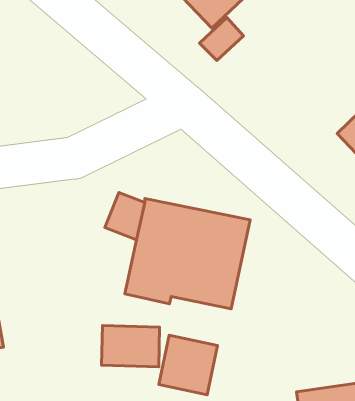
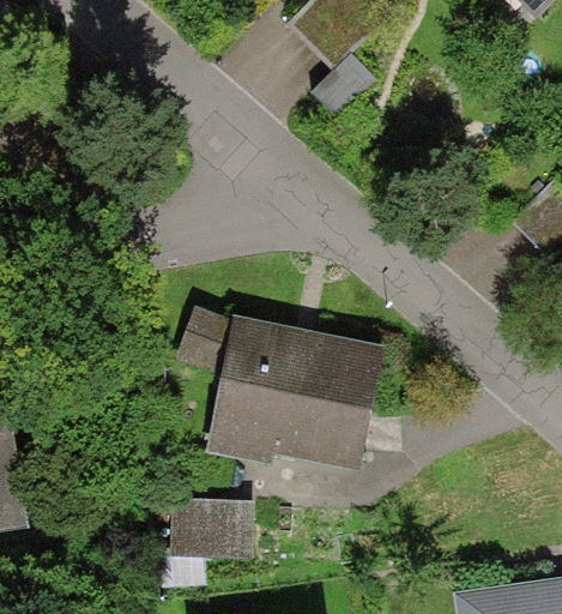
building: [159,335,218,395] -> none

